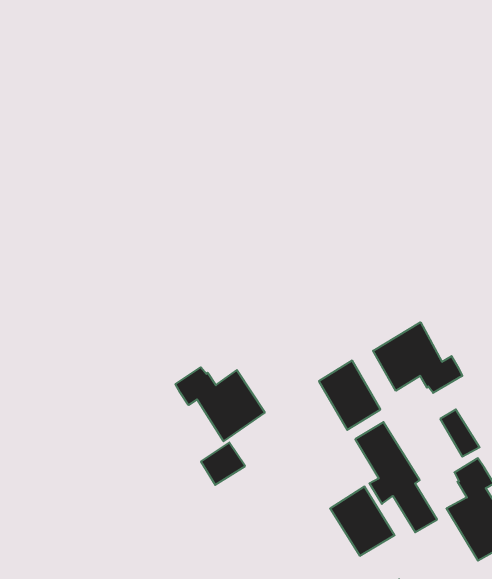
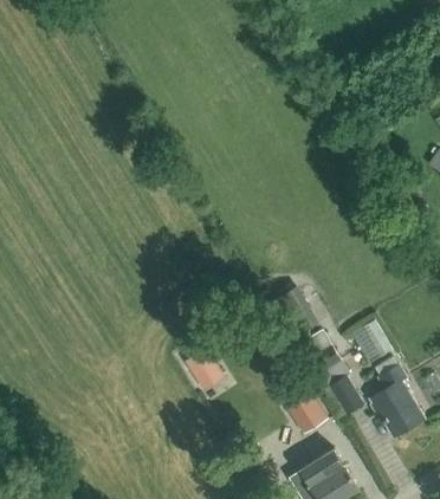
building: [373,322,462,393] -> none
building: [175,367,265,441] -> none

